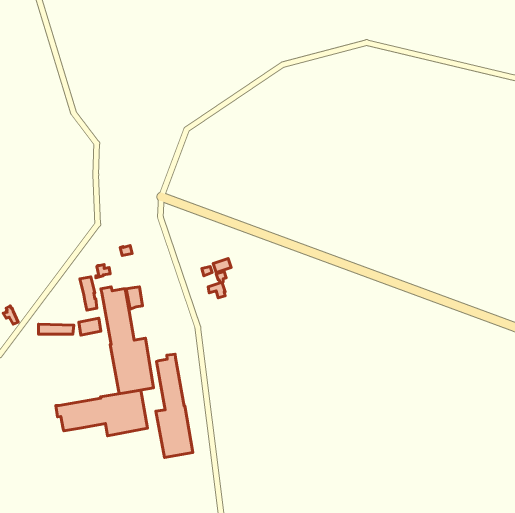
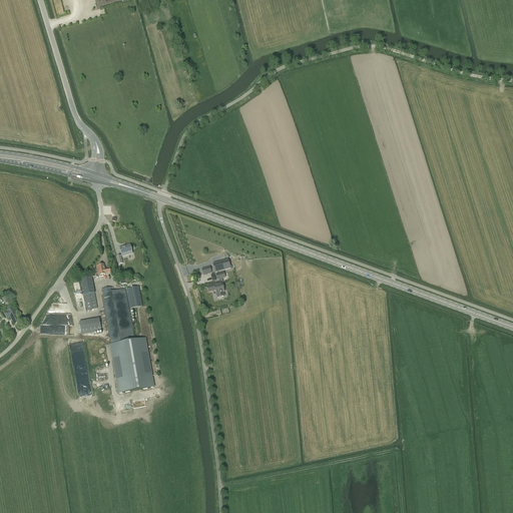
building: [156,354,193,458] -> none
building: [56,390,147,436] -> none

